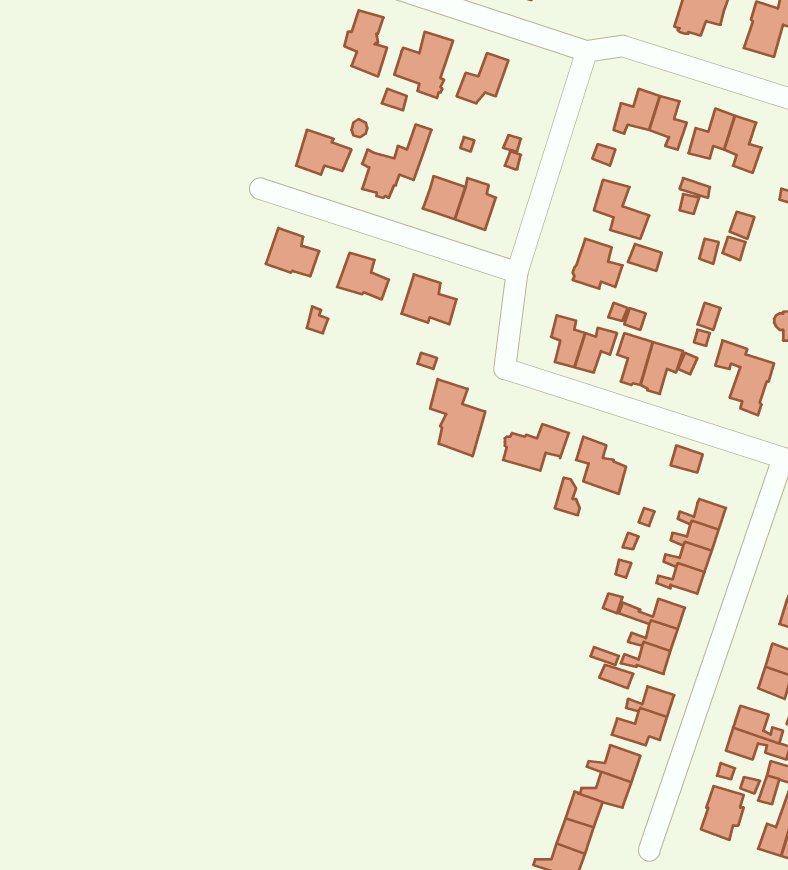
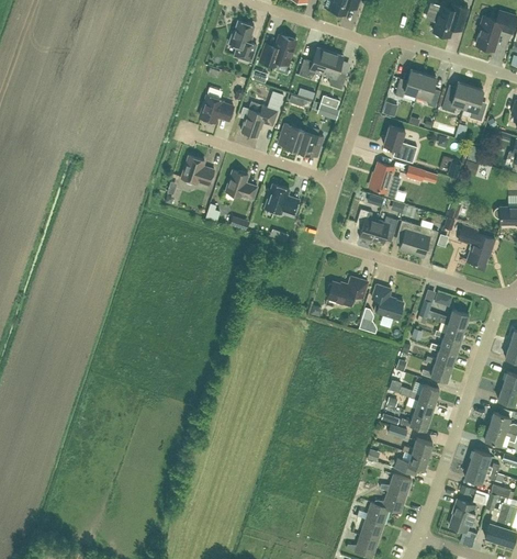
building: none -> [323,53,347,90]
building: [430,379,485,456] -> none
building: none -> [419,300,469,328]

